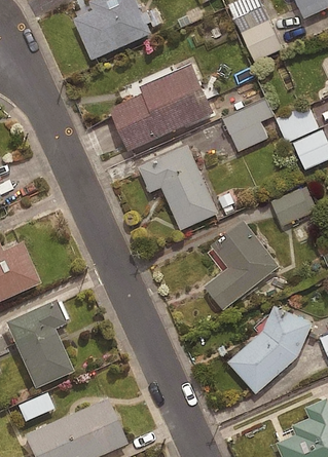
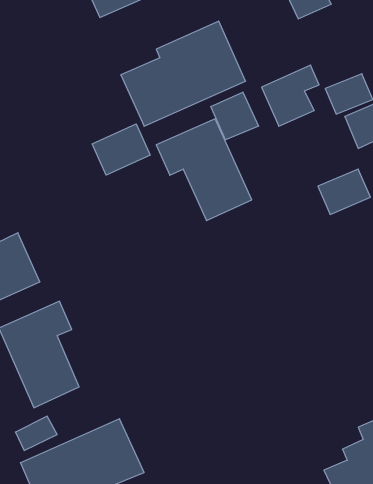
building: none -> [211,92,258,140]
building: none -> [92,124,150,175]
building: [203,222,279,312] -> none
building: [227,306,313,394] -> none

